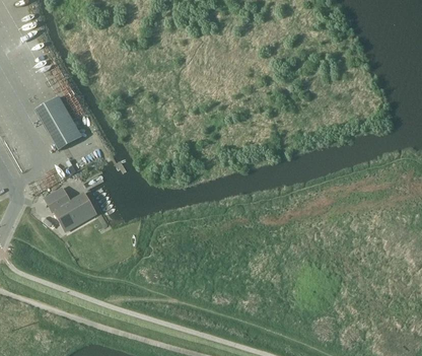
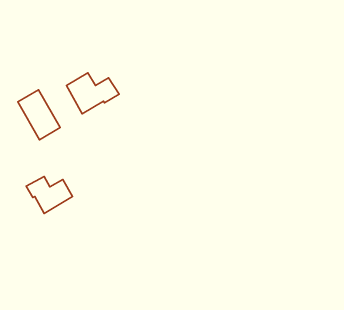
building: none -> [66,73,119,114]

